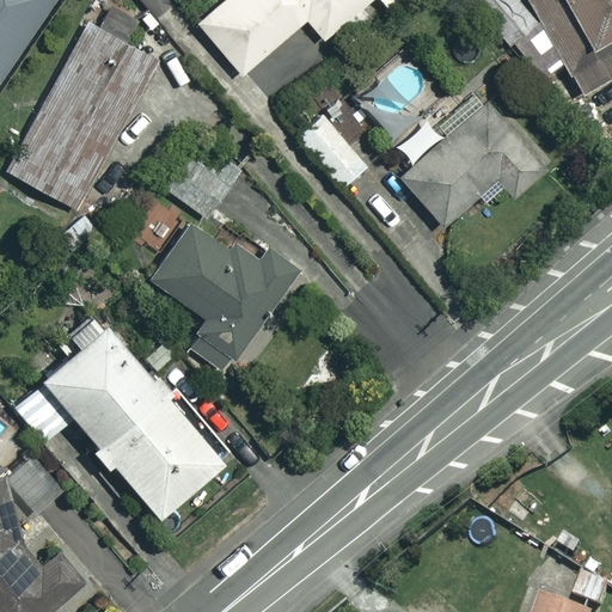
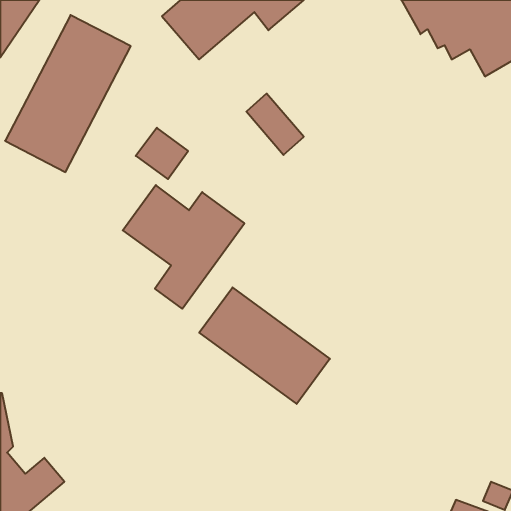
building: [399,102,545,227] -> none
building: [13,312,234,518] -> none
building: none -> [199,287,330,404]

